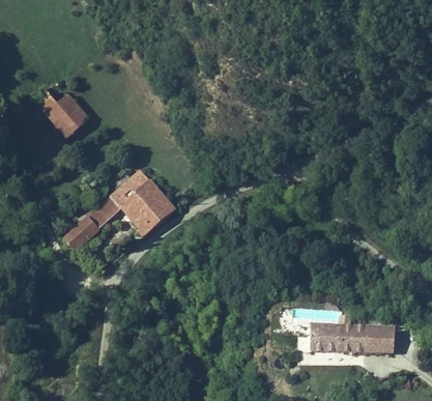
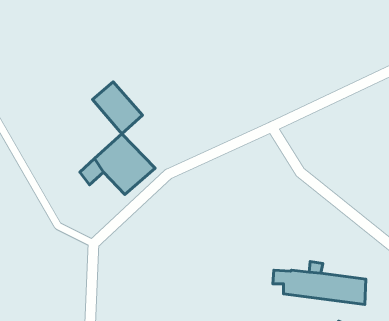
building: [35,88,88,143] -> [93,82,143,134]
building: [67,212,104,246] -> none

